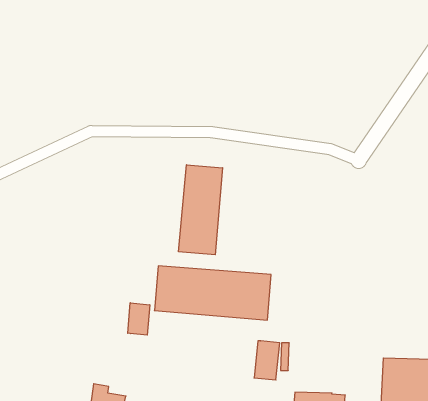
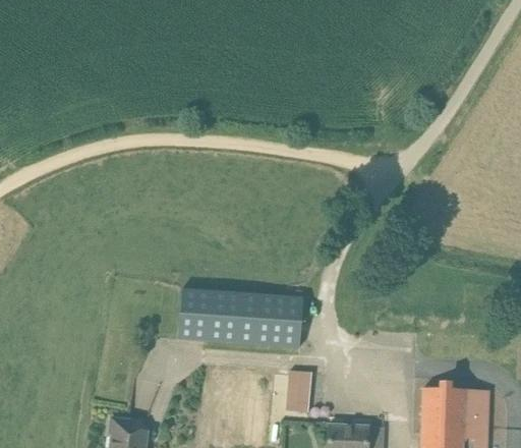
building: [179,165,223,255] -> none
building: [128,303,150,335] -> none

